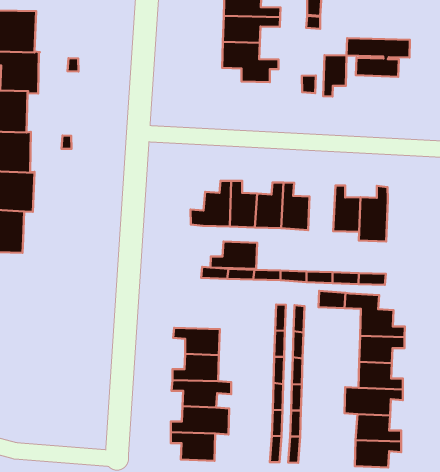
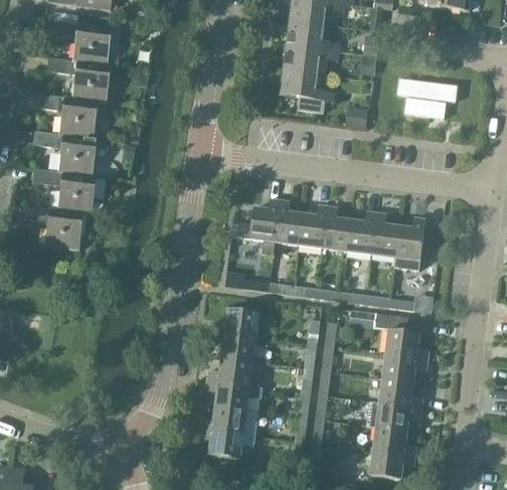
building: [323,55,346,96] -> none
building: none -> [346,212,375,256]
building: [211,241,257,269] -> [213,309,259,337]

